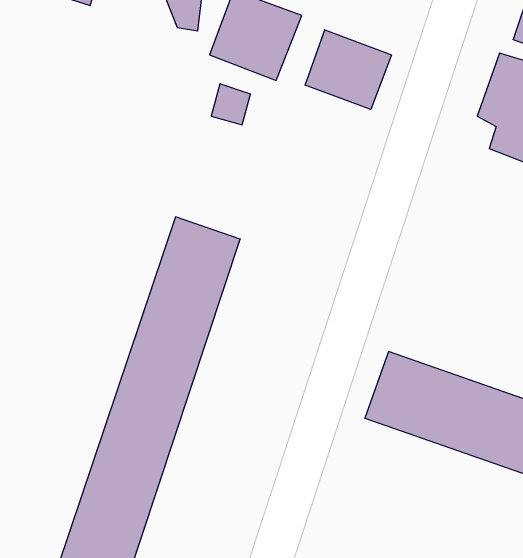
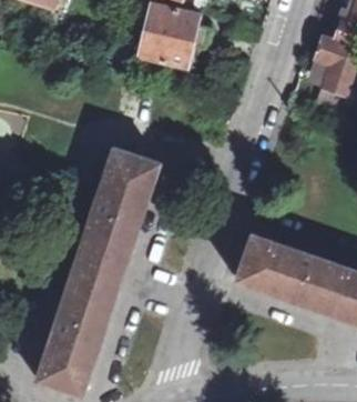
building: [305,30,392,109] -> none

